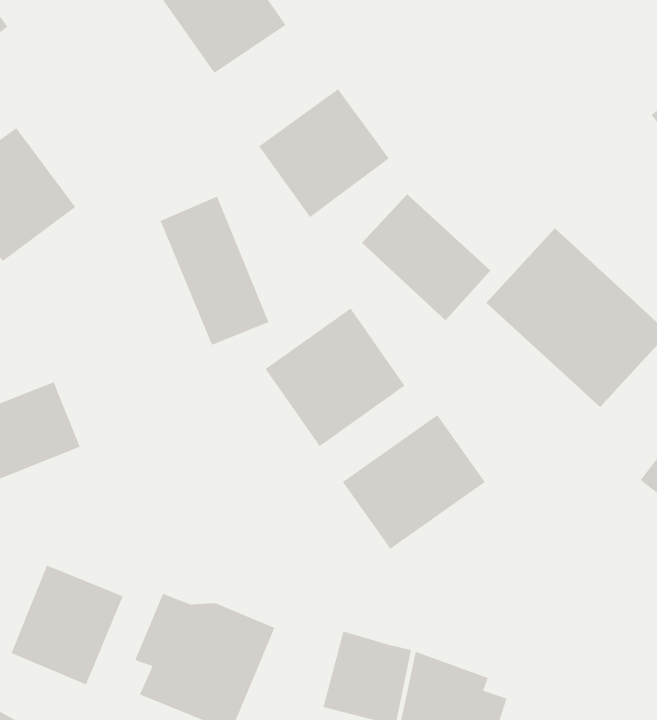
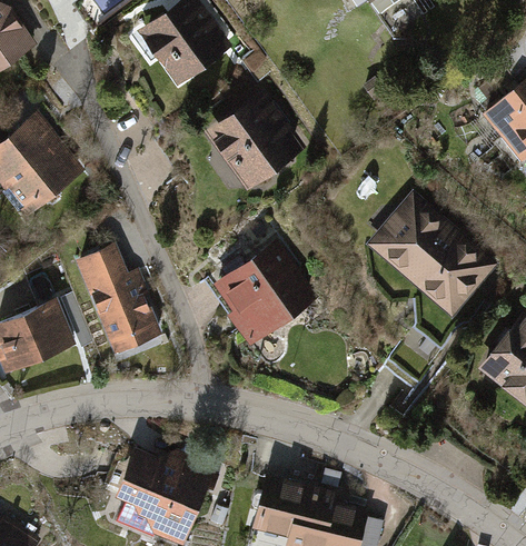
building: [361,193,491,321] -> none
building: [160,195,269,346] -> [77,244,155,350]
building: [342,414,486,550] -> none
building: [10,564,124,686] -> none

